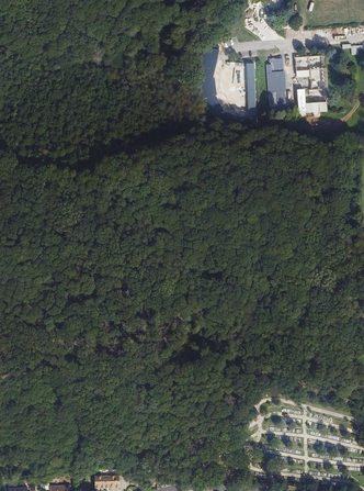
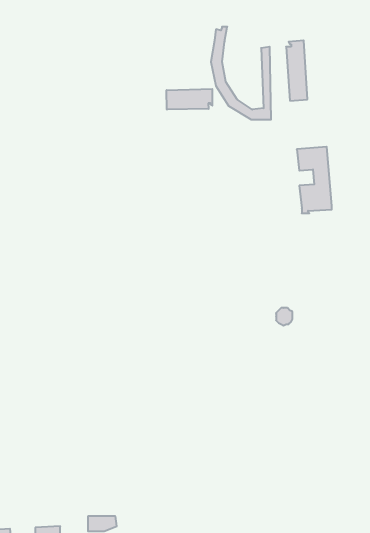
building: [296,56,327,114] -> [297,147,332,213]
building: none -> [167,89,212,110]

